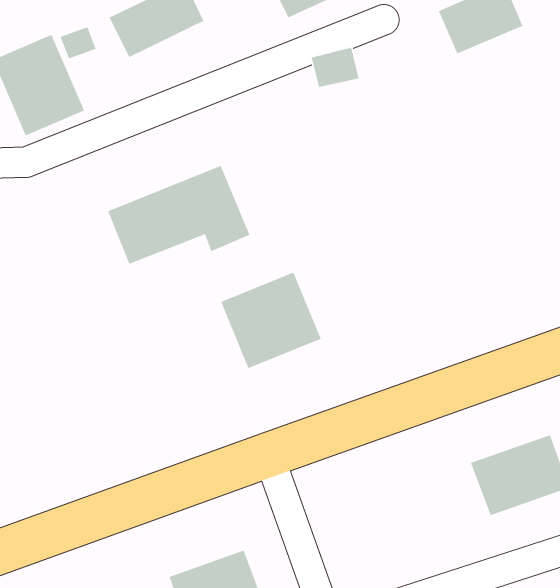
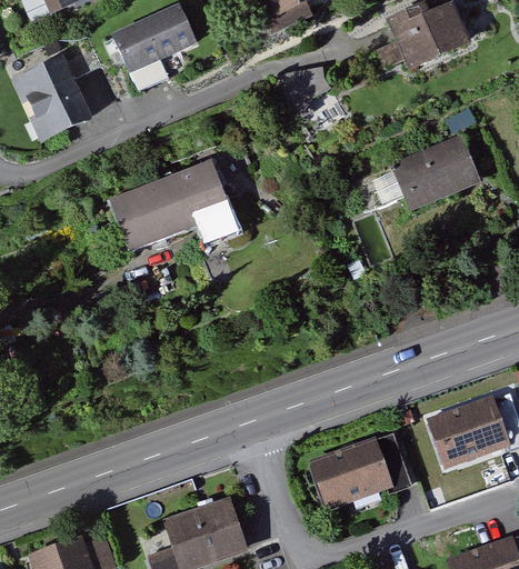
building: none -> [356,138,482,214]
building: [220,272,322,369] -> none
building: none -> [307,437,393,507]

